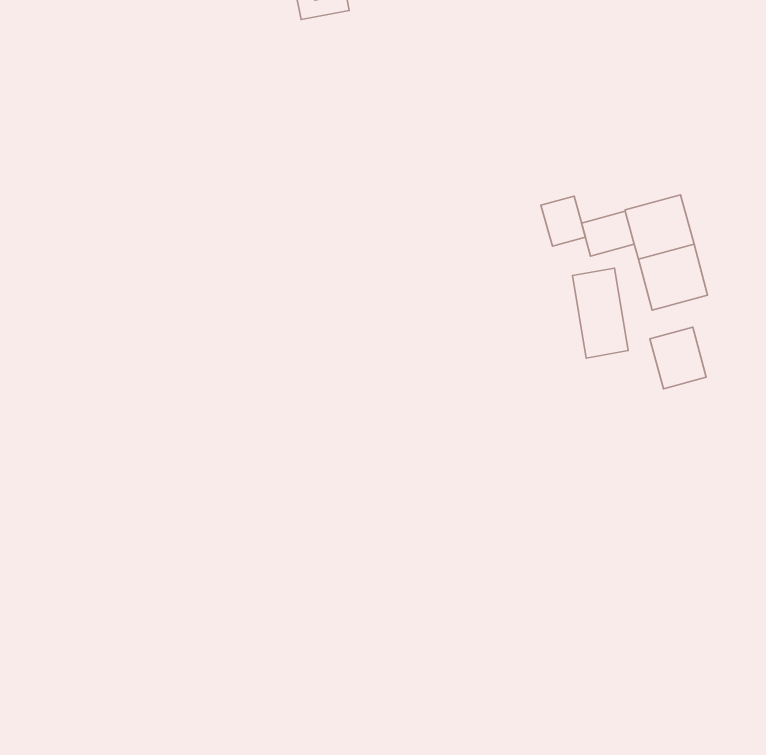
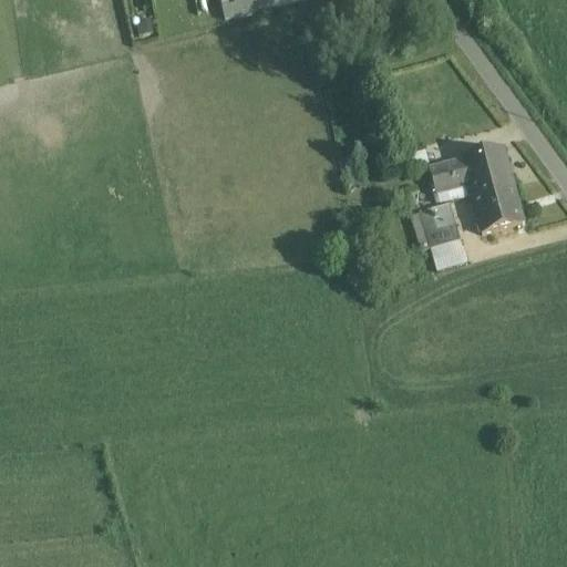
building: [541,196,585,246] -> none
building: [650,327,706,389] -> none

